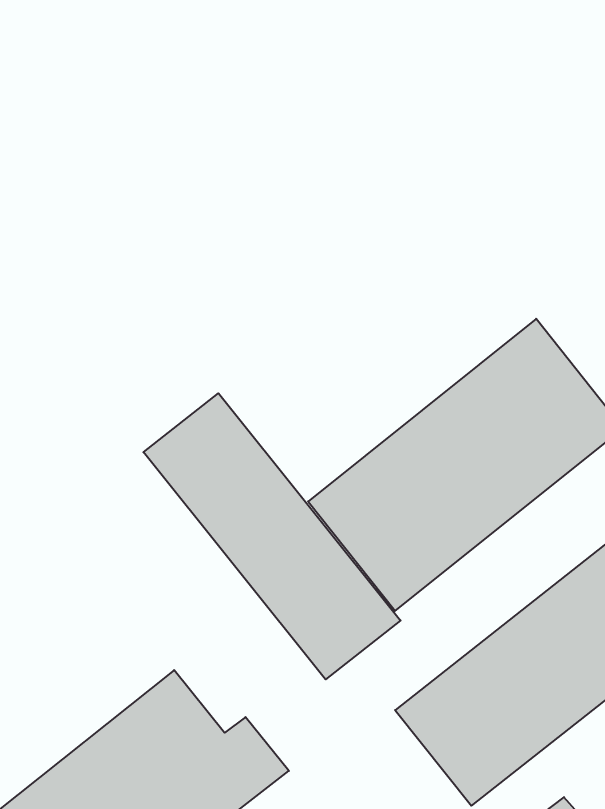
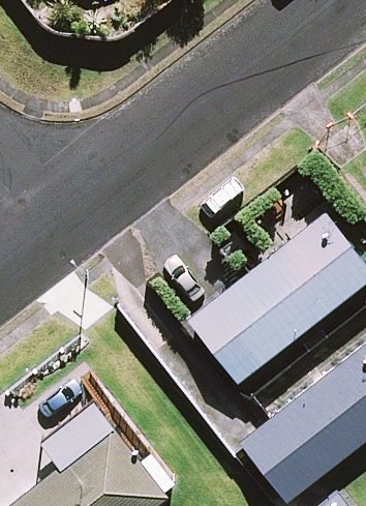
building: [143,393,401,679] -> none

